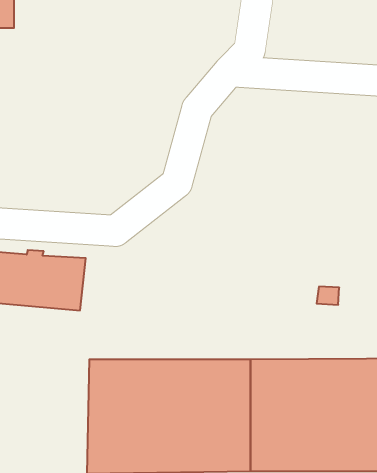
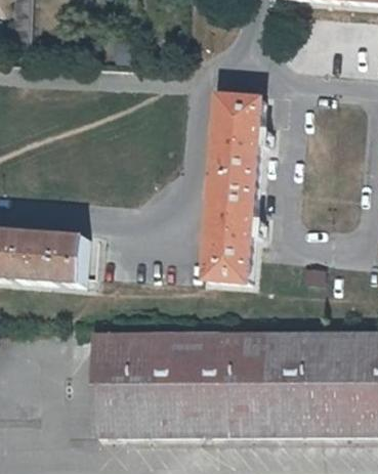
building: none -> [205,94,266,279]

